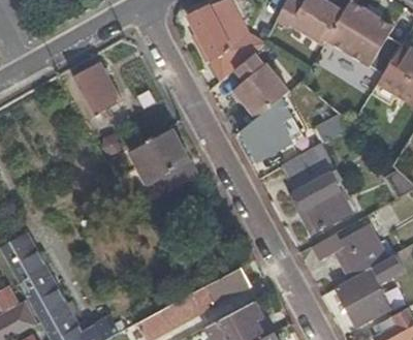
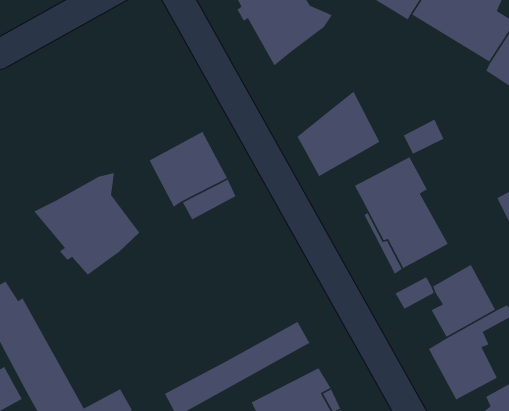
building: [233,51,292,118] -> none
building: [73,63,121,116] -> none
building: none -> [33,172,140,275]

